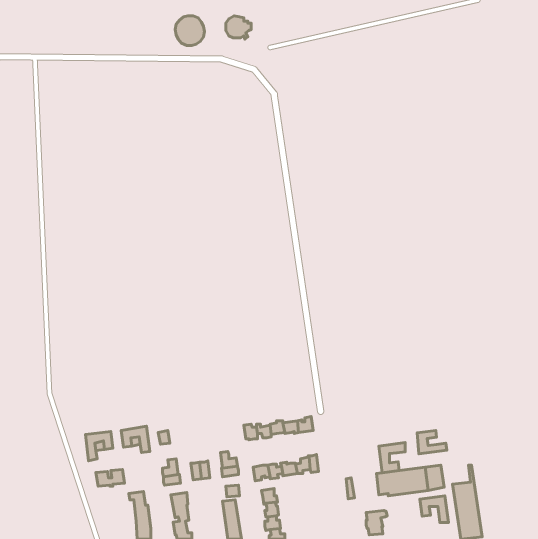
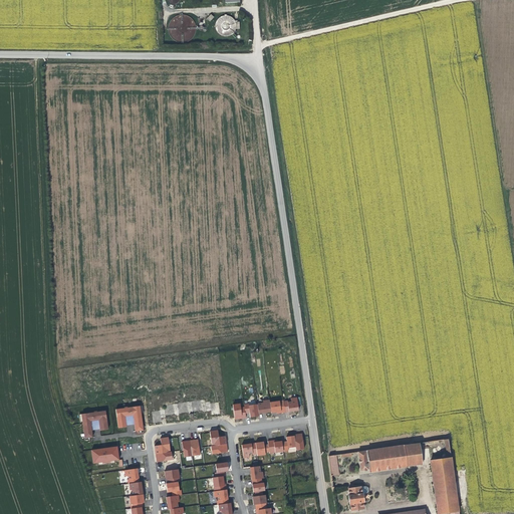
building: [417,430,447,454] -> none
building: [379,442,405,473] -> none
building: [420,496,449,522] -> none

